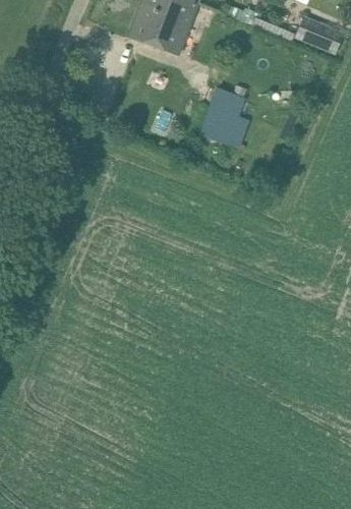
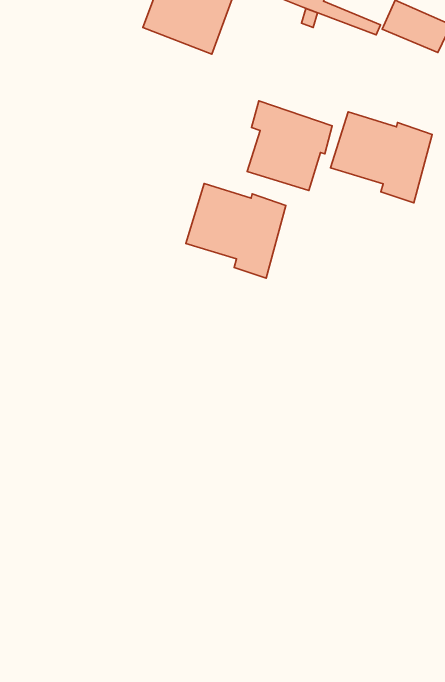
building: none -> [331,112,432,203]
building: none -> [186,184,286,278]

